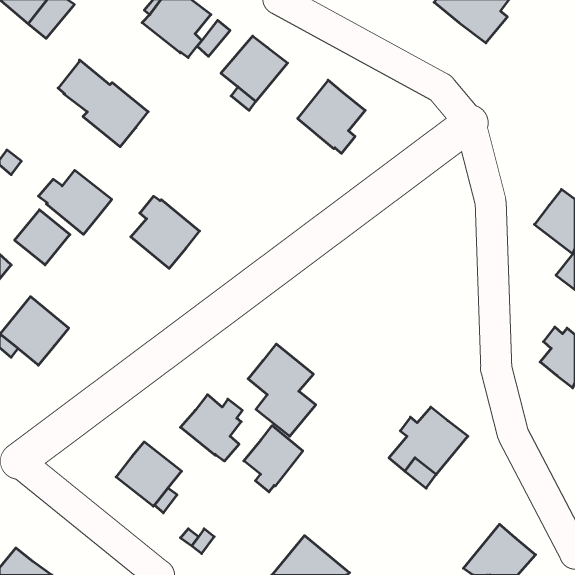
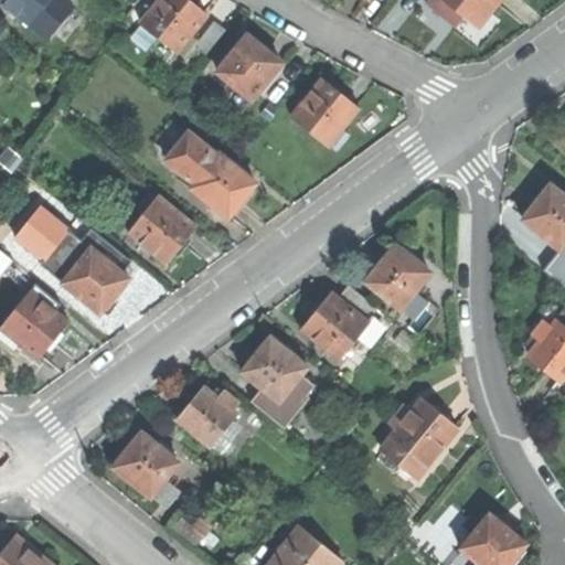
building: [58,60,148,147] -> [167,131,255,216]
building: [38,170,112,234] -> [55,248,127,311]
building: none -> [365,245,429,315]
building: none -> [301,285,381,359]
building: [244,426,303,492] -> none

